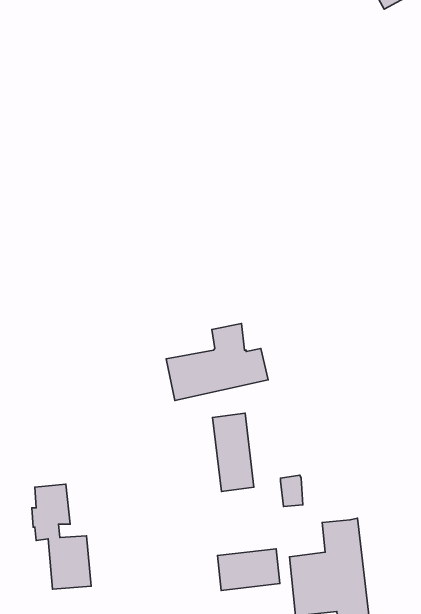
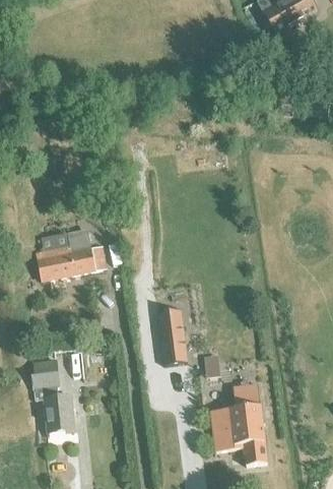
building: [166,323,268,400] -> [37,228,107,281]
building: [217,549,280,590] -> none

